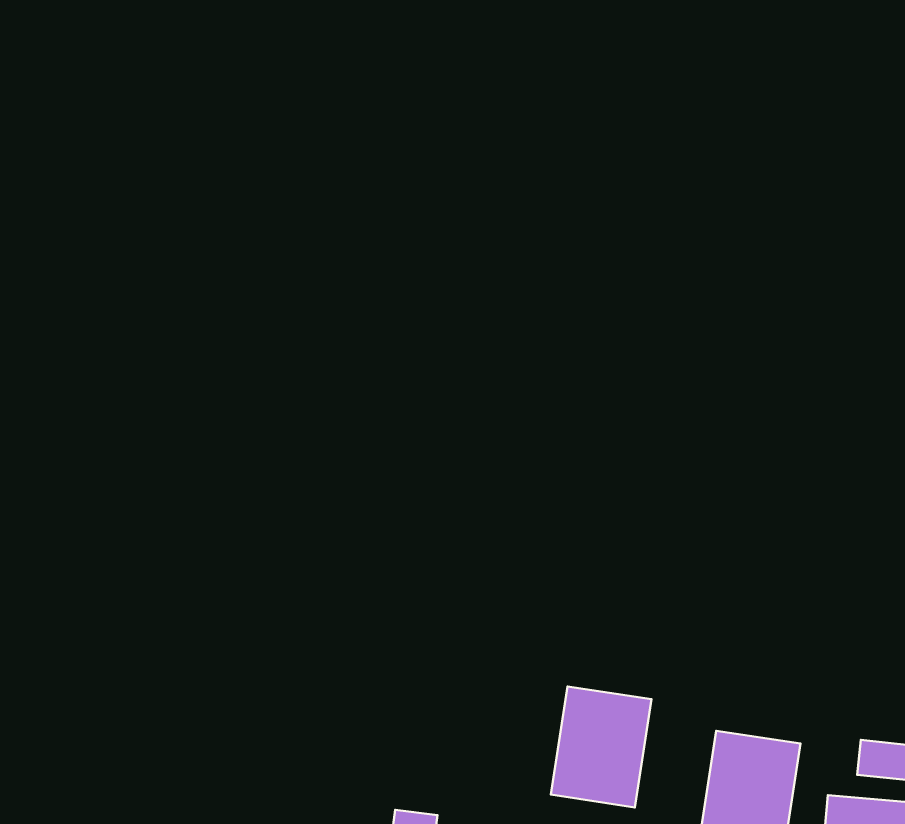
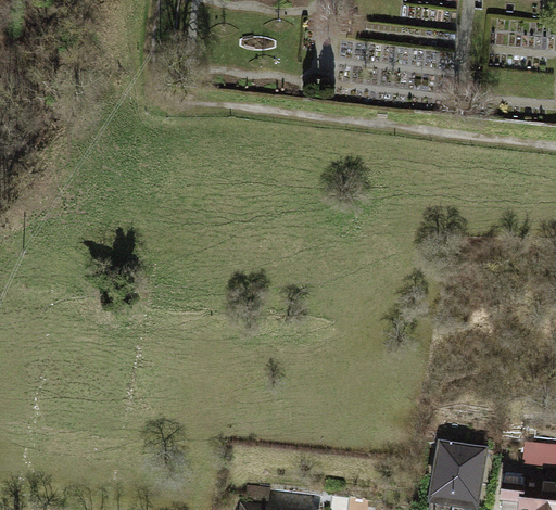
building: [551,686,651,807] -> none

